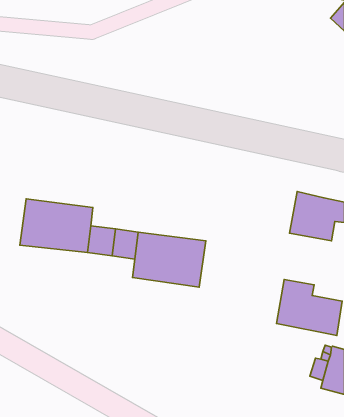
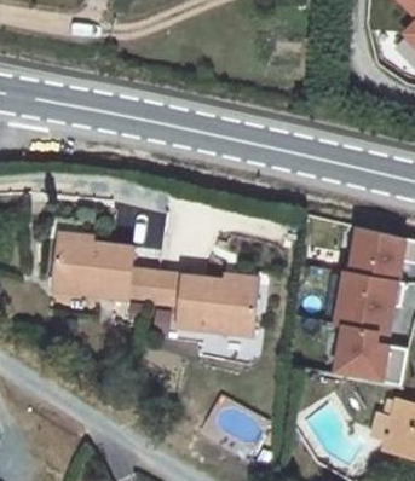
building: none -> [336,272,404,334]

